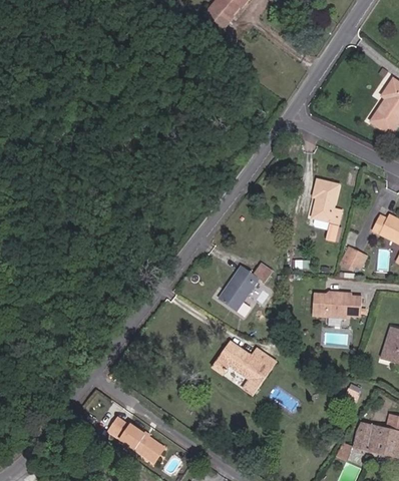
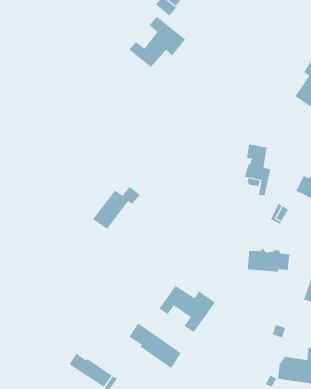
building: none -> [128,16,186,68]
building: [218,258,274,308] -> [92,186,141,230]
building: none -> [129,322,182,369]

